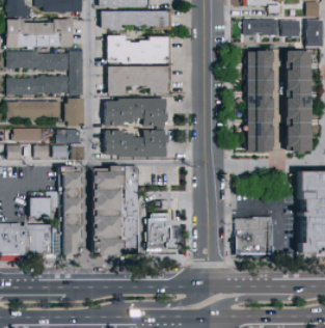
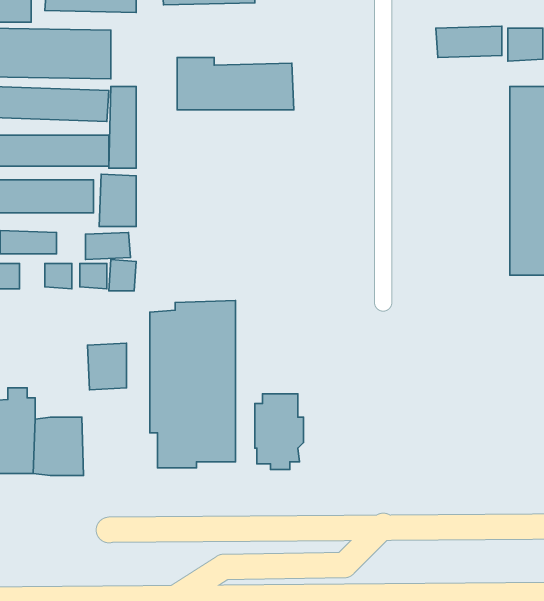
building: [100,10,170,29] -> none
building: [245,50,271,153] -> none
building: [107,65,168,93] -> none
building: [104,99,165,126] -> none
building: [104,130,165,157] -> none
building: [58,166,79,188] -> none
building: [32,199,54,220] -> none
building: [58,213,79,254] -> none
building: [238,220,276,258] -> none

